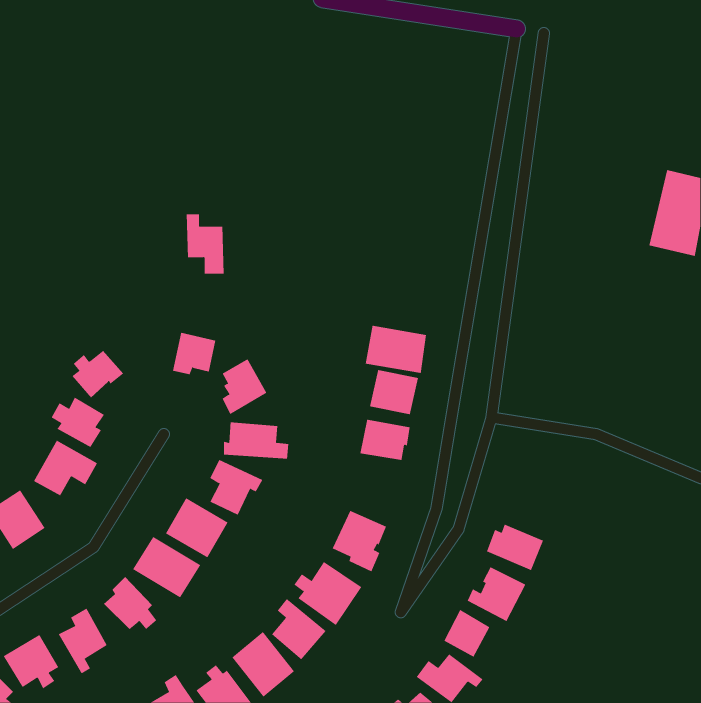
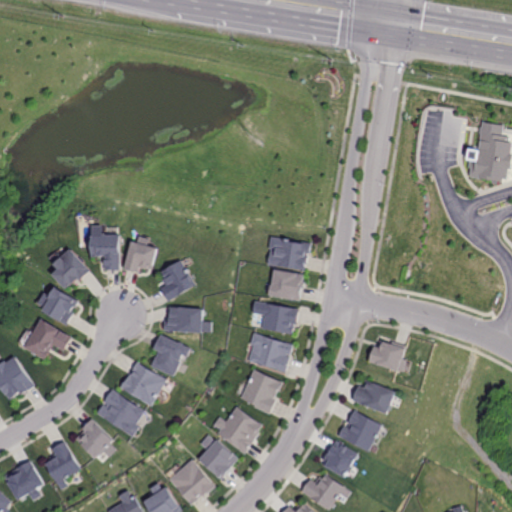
building: [186,214,224,274] -> [91,225,119,269]
building: none -> [248,333,292,372]
building: none -> [370,340,406,371]

